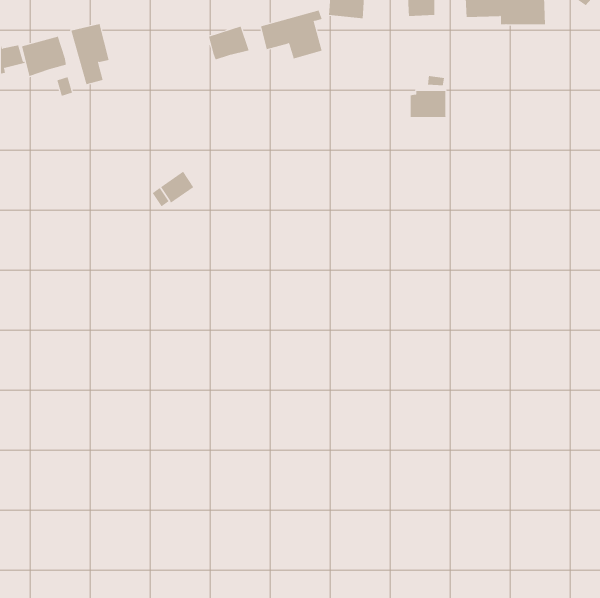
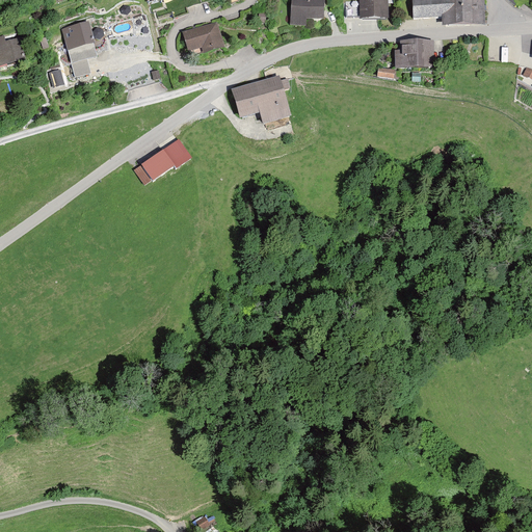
building: [260,10,323,59] -> [234,78,289,122]
building: [21,36,67,77] -> none
building: [410,91,447,118] -> [397,42,430,65]
building: none -> [163,140,190,167]

